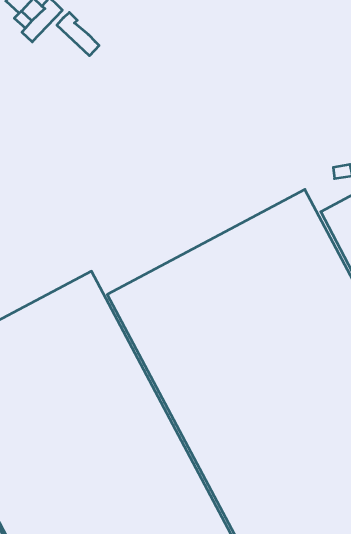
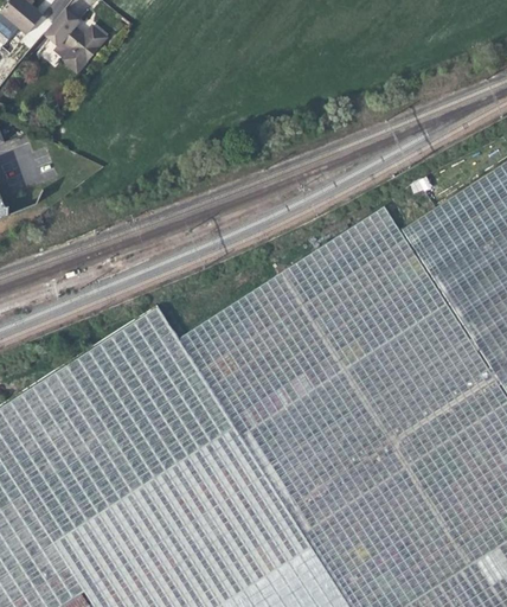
building: [57,12,99,56] -> none

